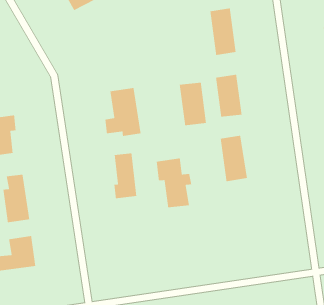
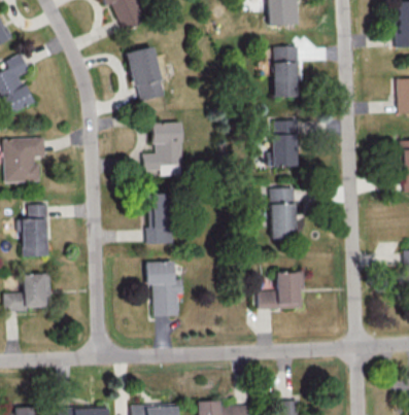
building: none -> [126,46,165,100]
building: [179,82,207,126] -> none
building: [156,157,192,208] -> [146,261,183,315]
building: none -> [258,272,303,308]

